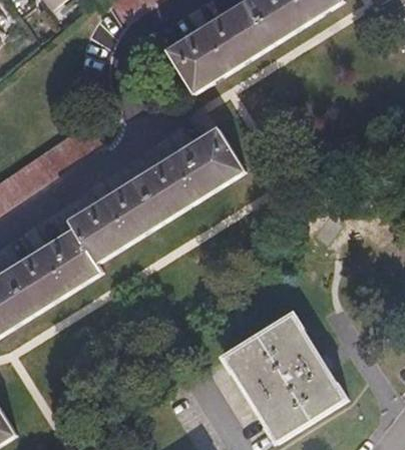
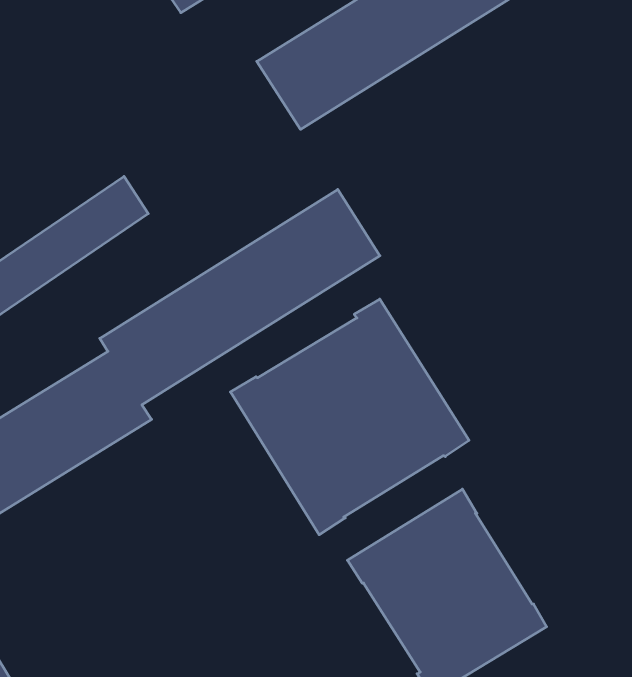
building: none -> [230,299,469,535]

